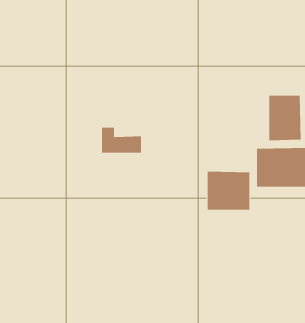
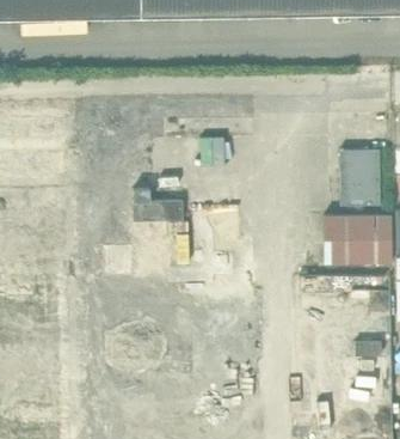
building: [207,171,250,210] -> none

